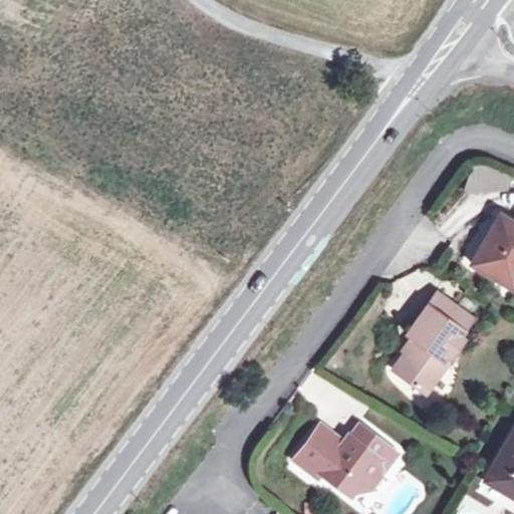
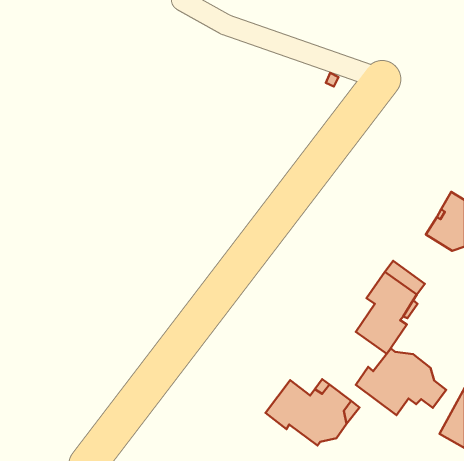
building: none -> [356,348,446,415]

